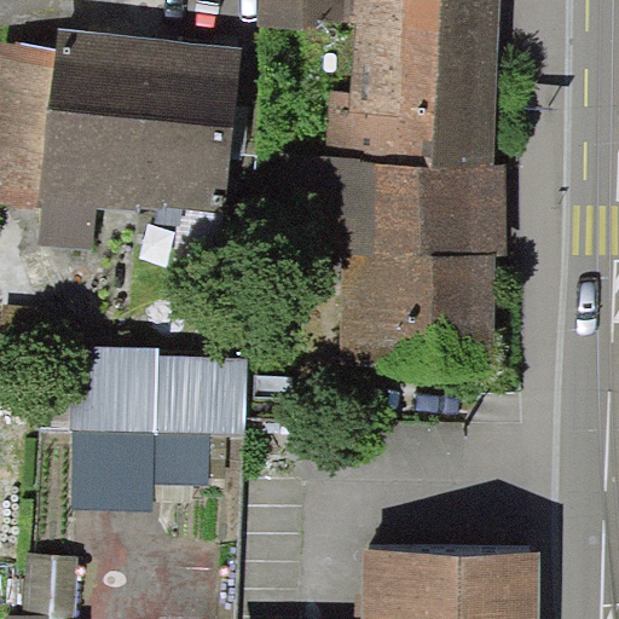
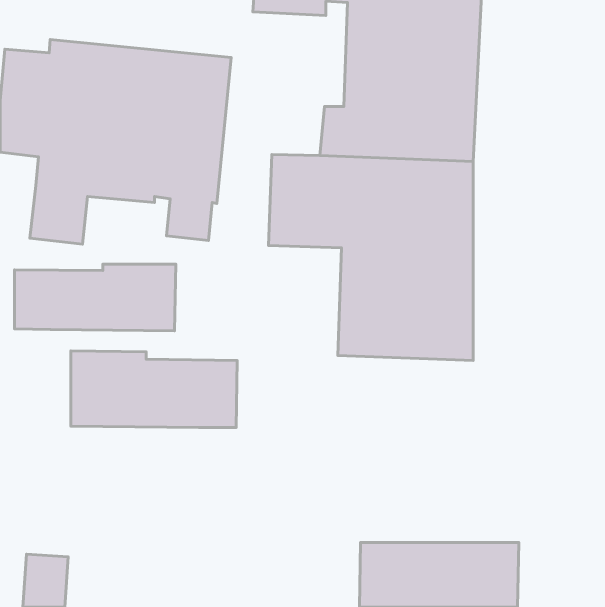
building: none -> [15,264,176,331]
building: [77,430,208,496] -> none

